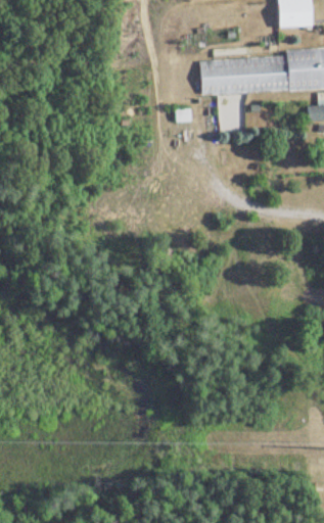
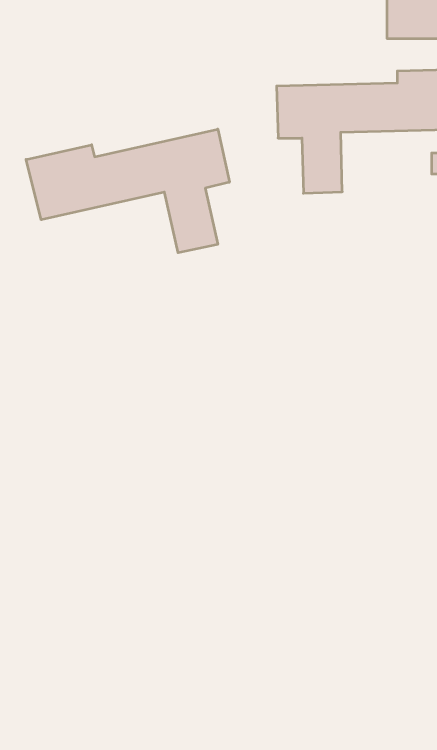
building: none -> [26,129,229,253]

